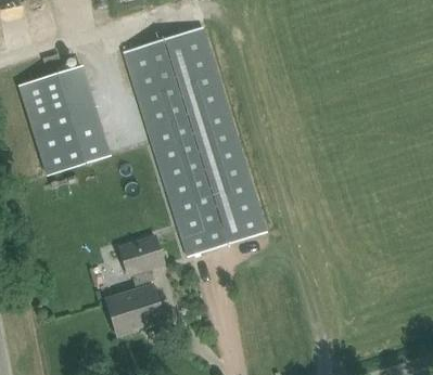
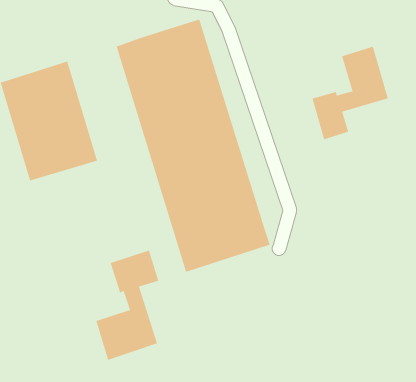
building: none -> [312,46,389,140]

